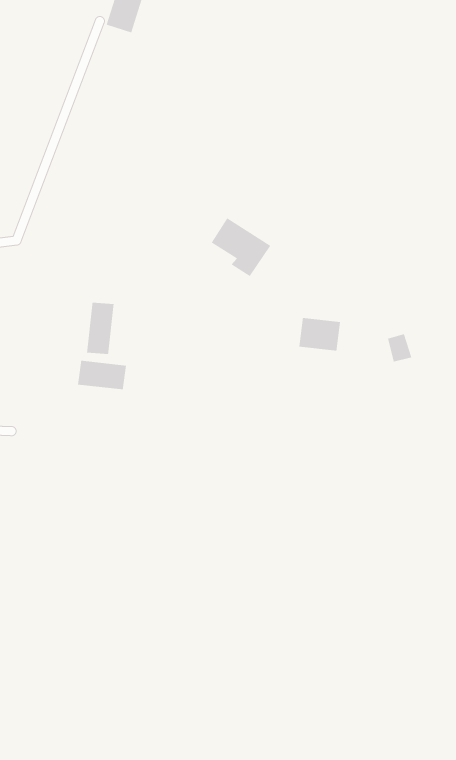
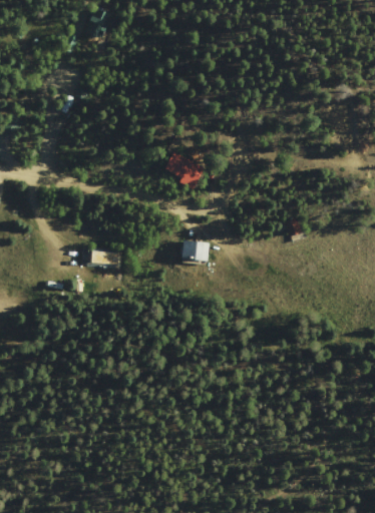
building: [87,302,114,355] -> none
building: [298,317,341,351] -> [183,240,210,261]

